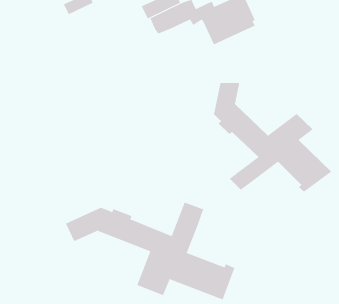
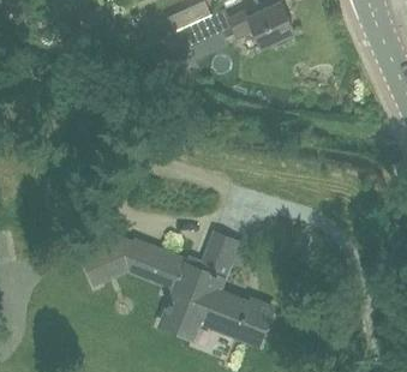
building: [213,82,332,192] -> none

